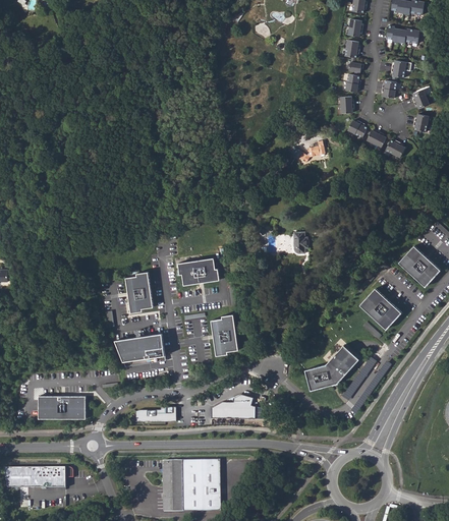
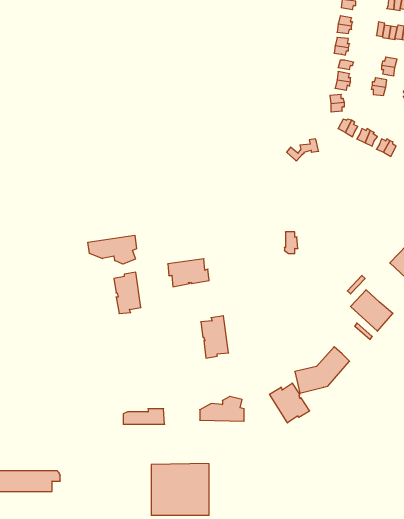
building: none -> [88,235,137,264]
building: [115,333,166,366] -> none
building: none -> [270,383,310,423]
building: [39,396,86,418] -> none

